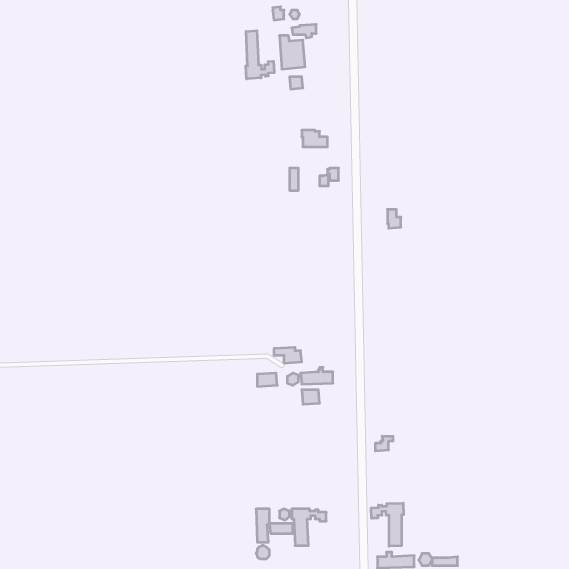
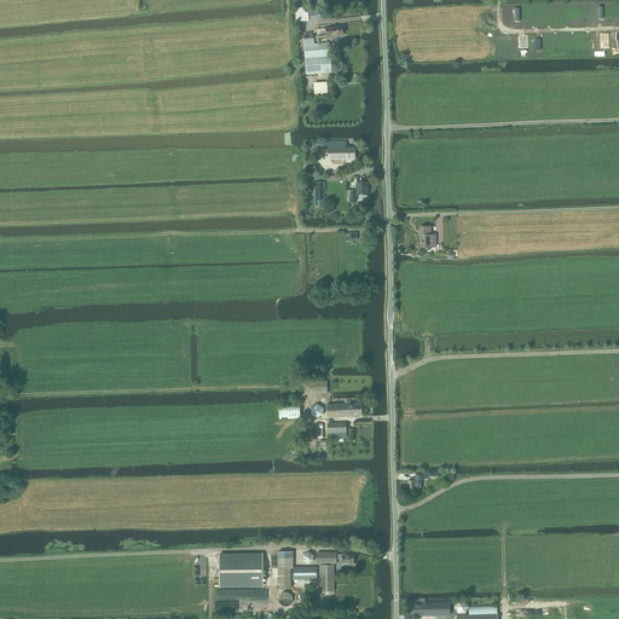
building: [246,31,274,79] -> none
building: [371,503,404,546] -> none
building: none -> [219,555,264,586]

